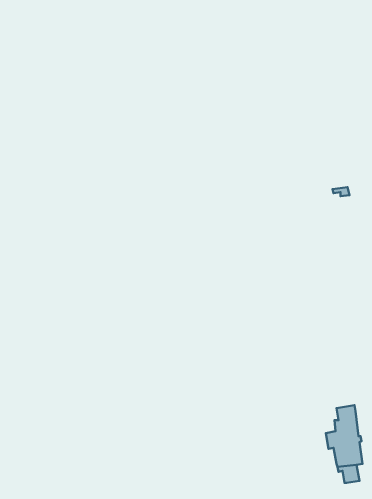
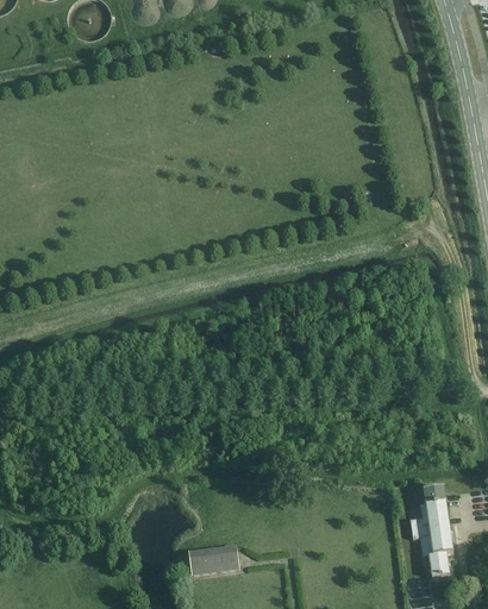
building: none -> [192,546,239,566]

